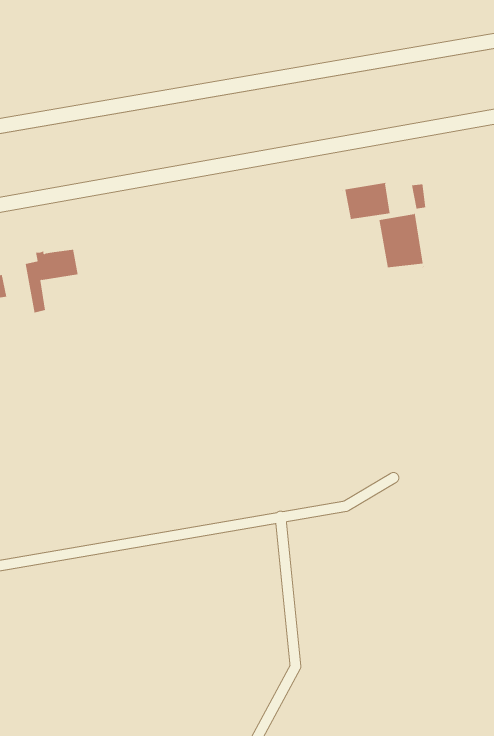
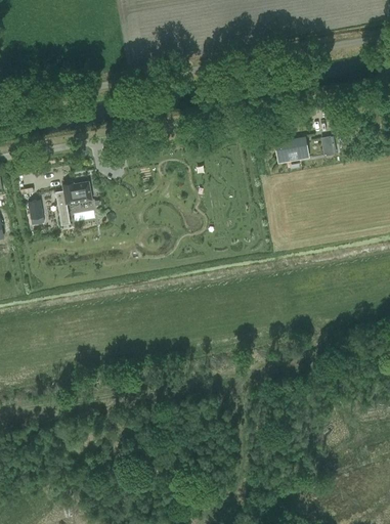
building: [379,211,424,268] -> none

